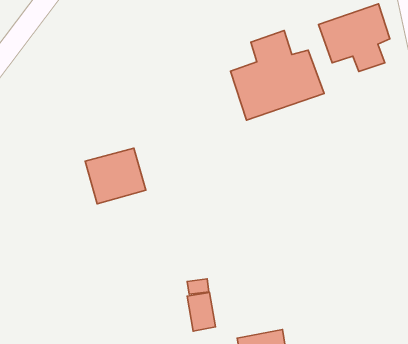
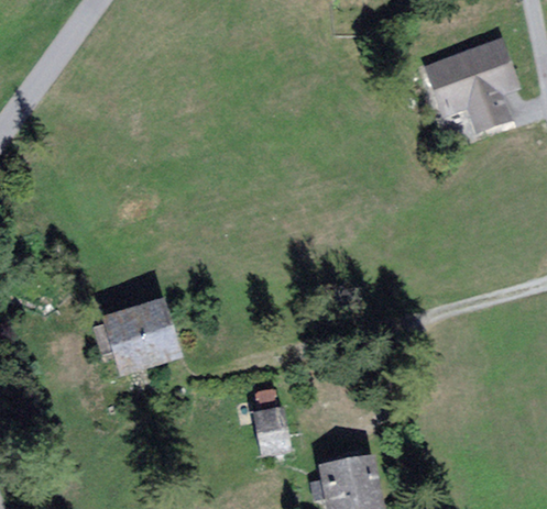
building: [230,30,324,120] -> none
building: [85,148,146,204] -> [103,301,182,373]

